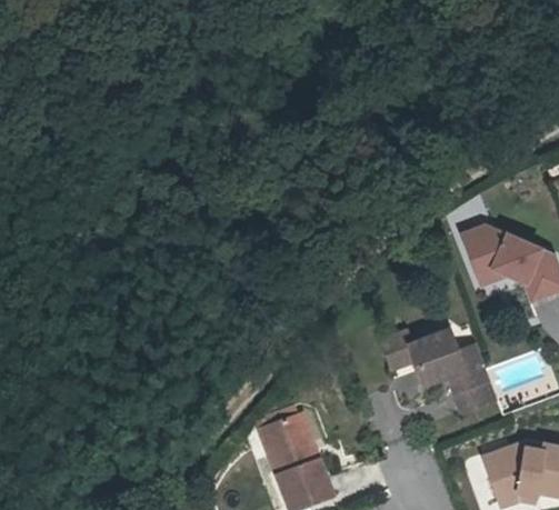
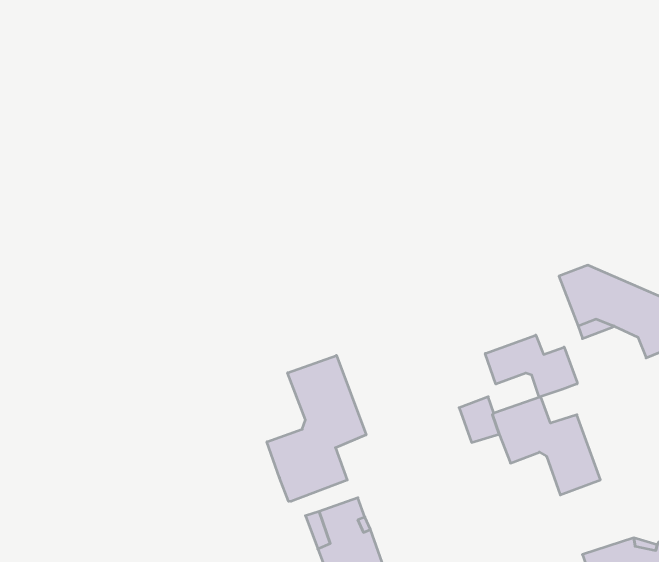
building: none -> [485,335,577,397]
building: none -> [267,355,366,501]

